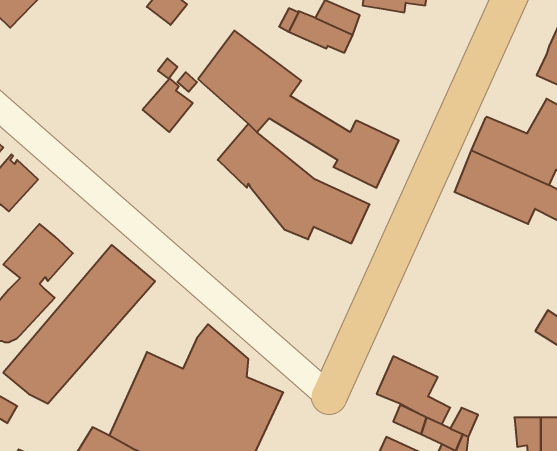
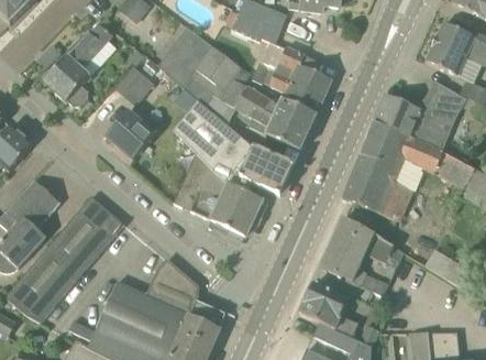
building: none -> [42,26,111,107]
building: none -> [253,46,332,113]
building: none -> [106,111,154,159]
building: none -> [173,150,263,241]
building: none -> [342,154,419,221]
building: none -> [320,217,404,302]

